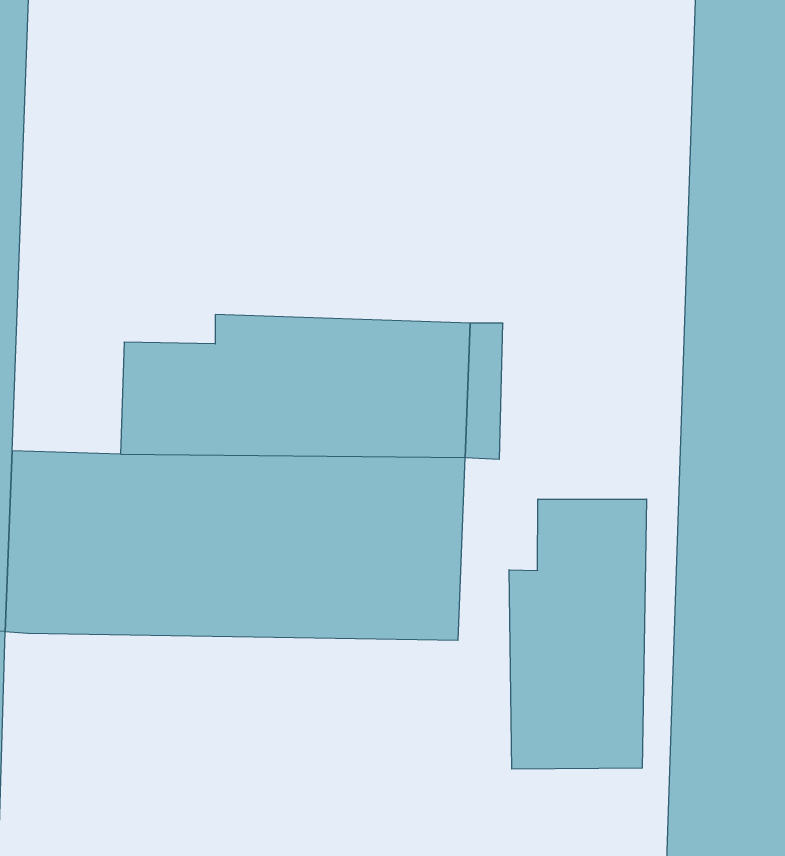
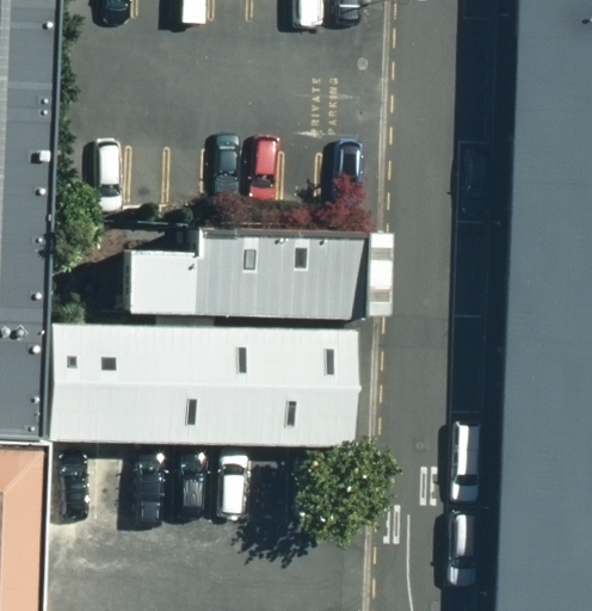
building: [509,499,647,769] -> none

